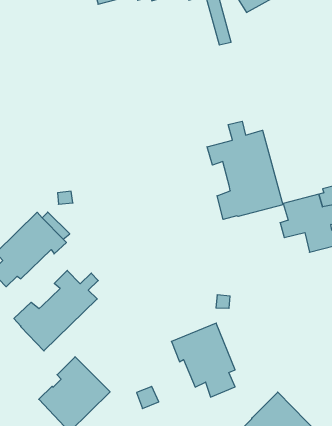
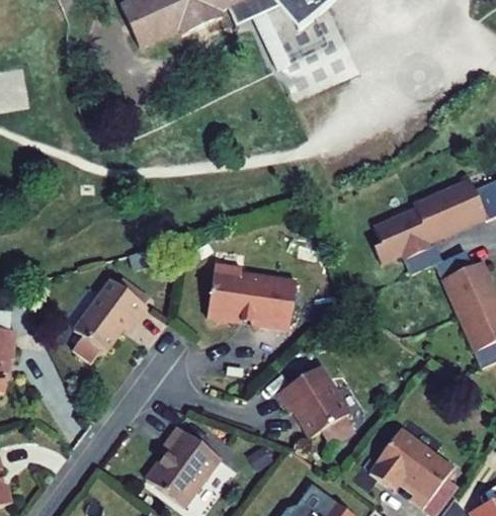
building: [207,121,283,219] -> none
building: none -> [206,263,297,328]
building: [14,270,98,351] -> none

